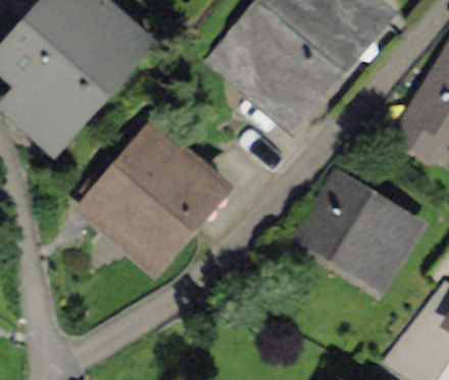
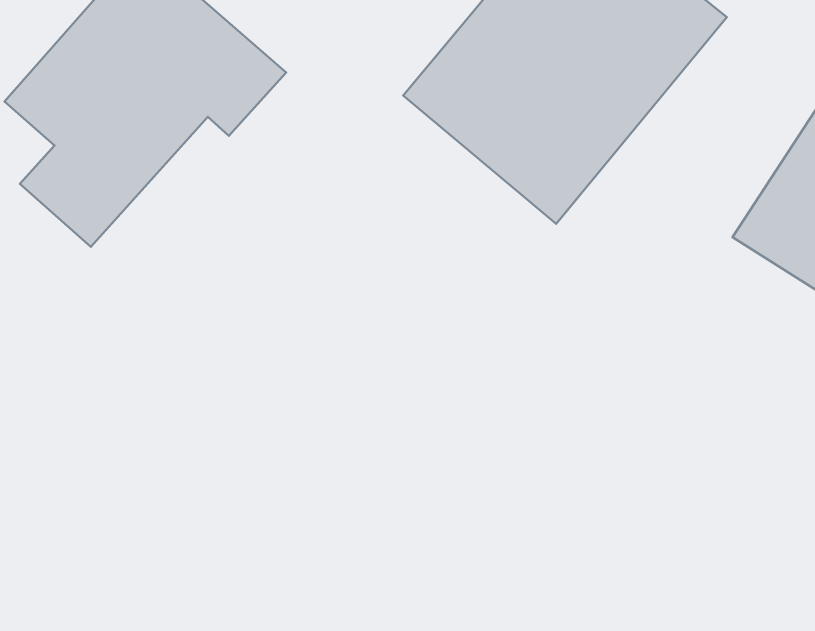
building: [84,116,227,261] -> none
building: [307,174,414,270] -> none

